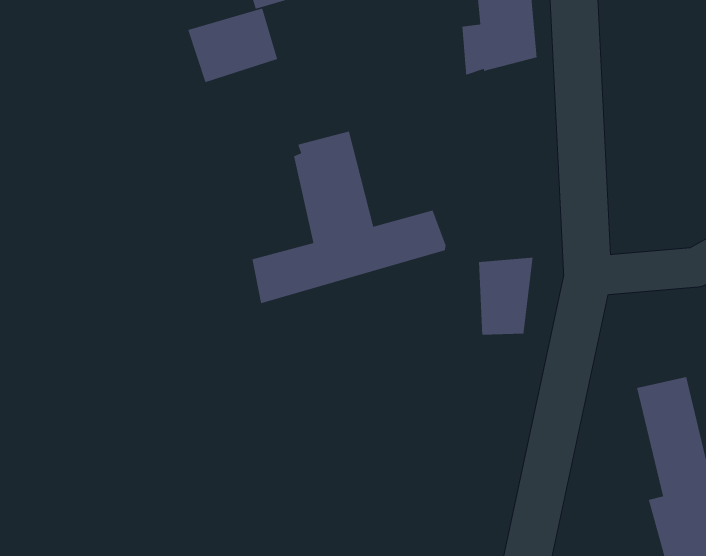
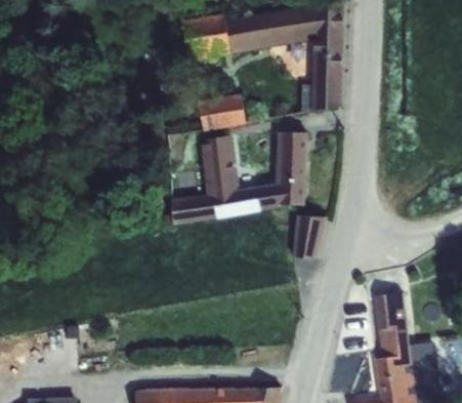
building: [187,8,278,83] -> [196,94,244,132]
building: none -> [272,133,306,206]

